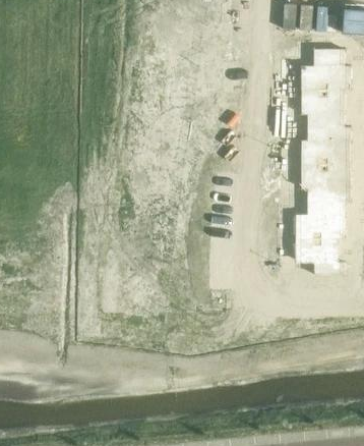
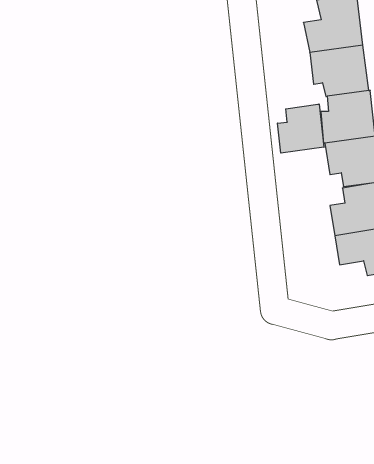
building: none -> [278,104,324,153]

